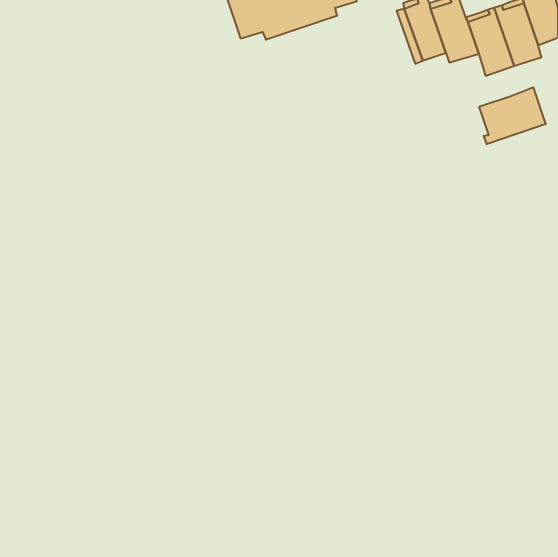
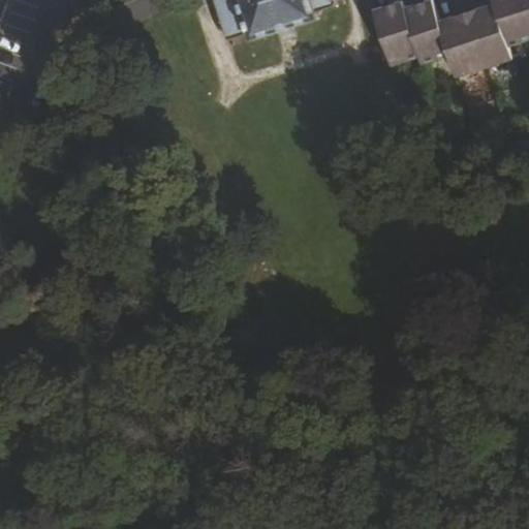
building: [479,87,546,144] -> none

